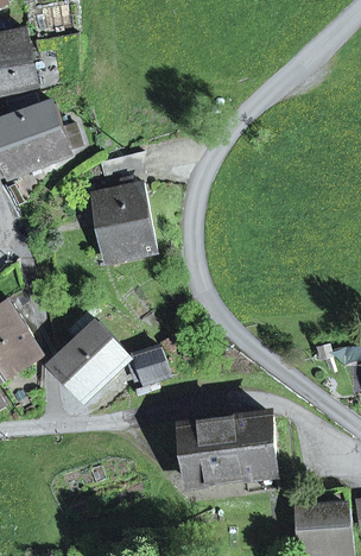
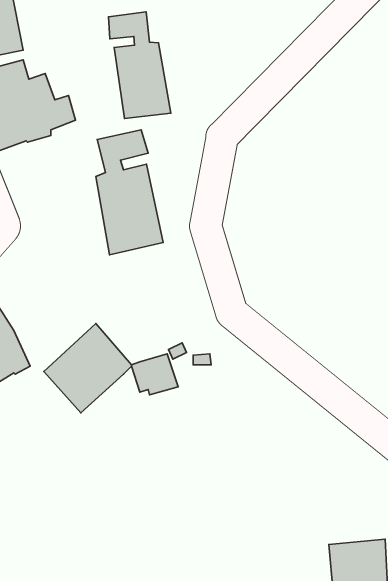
building: none -> [108,12,171,119]
building: [183,413,274,482] -> none

